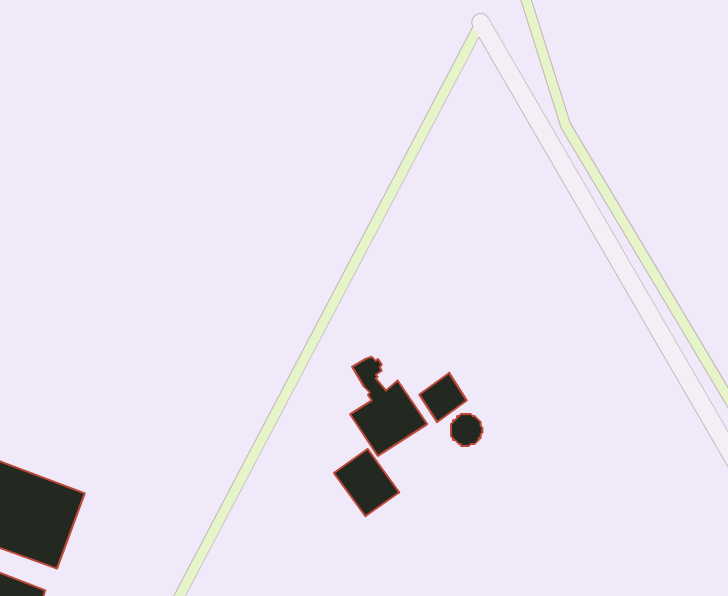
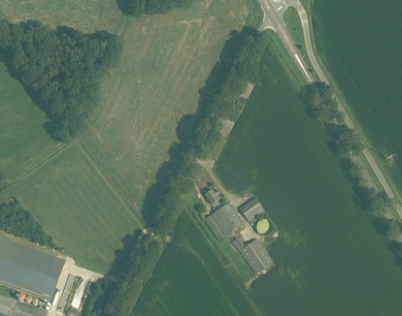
building: [334,449,399,516] -> [237,238,271,273]

